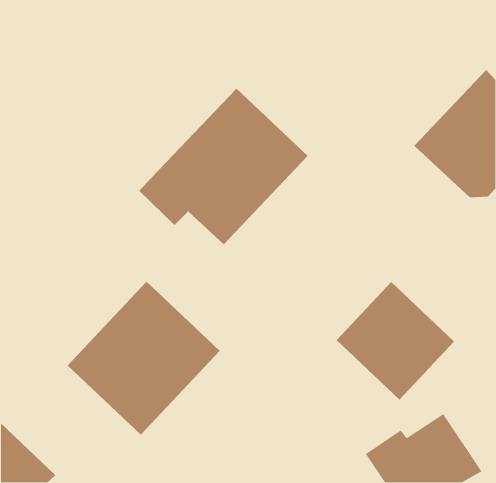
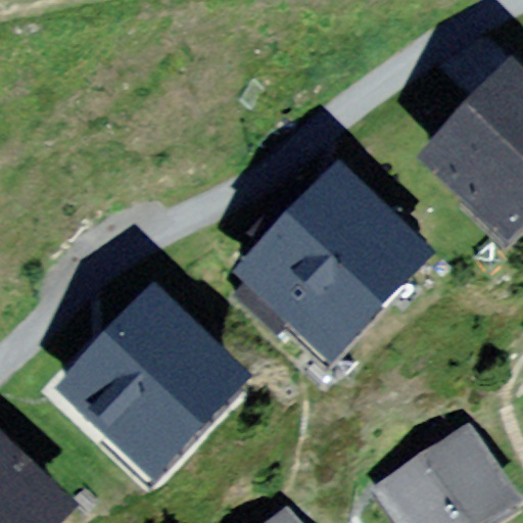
building: [139,88,308,245] -> [236,175,415,340]
building: [336,281,455,400] -> none

